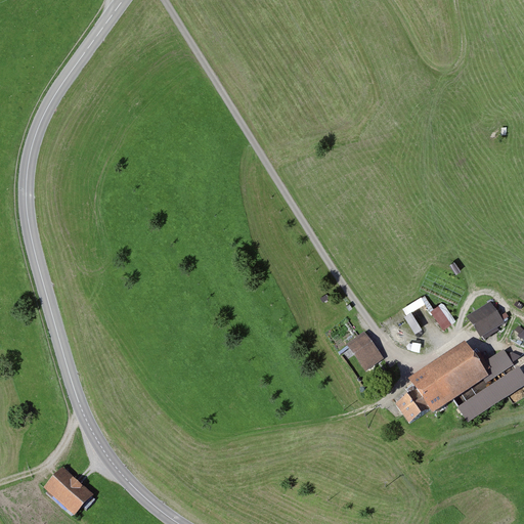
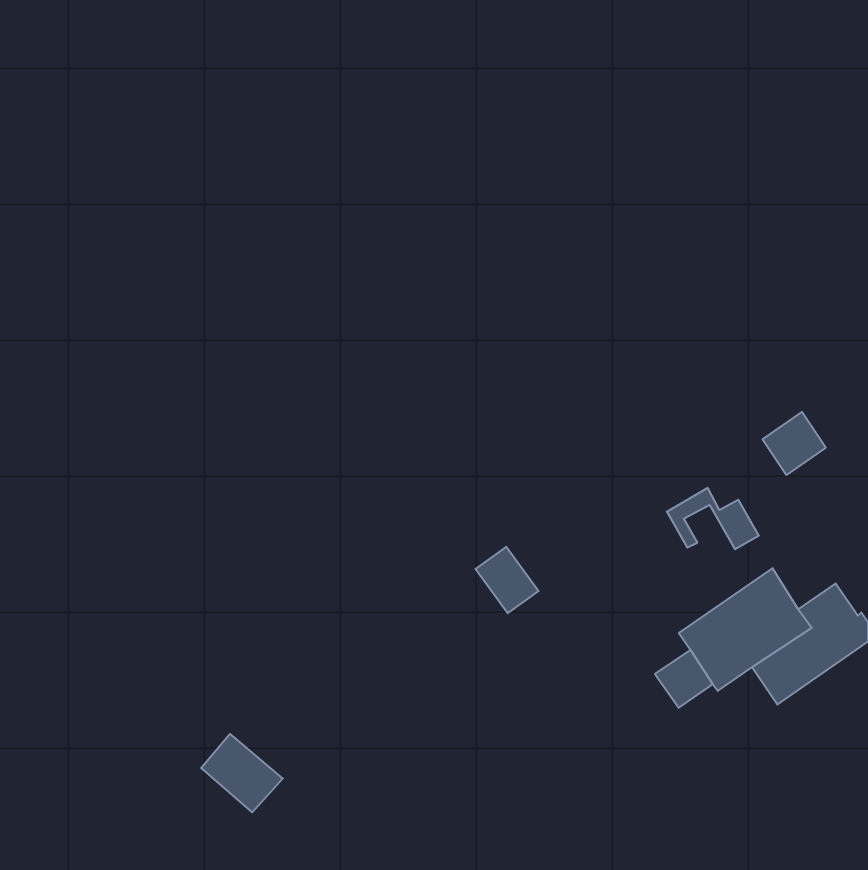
building: [465,301,503,339] -> [763,412,826,475]
building: [345,332,383,372] -> [475,547,539,613]
building: [49,469,98,516] -> [201,734,283,812]

